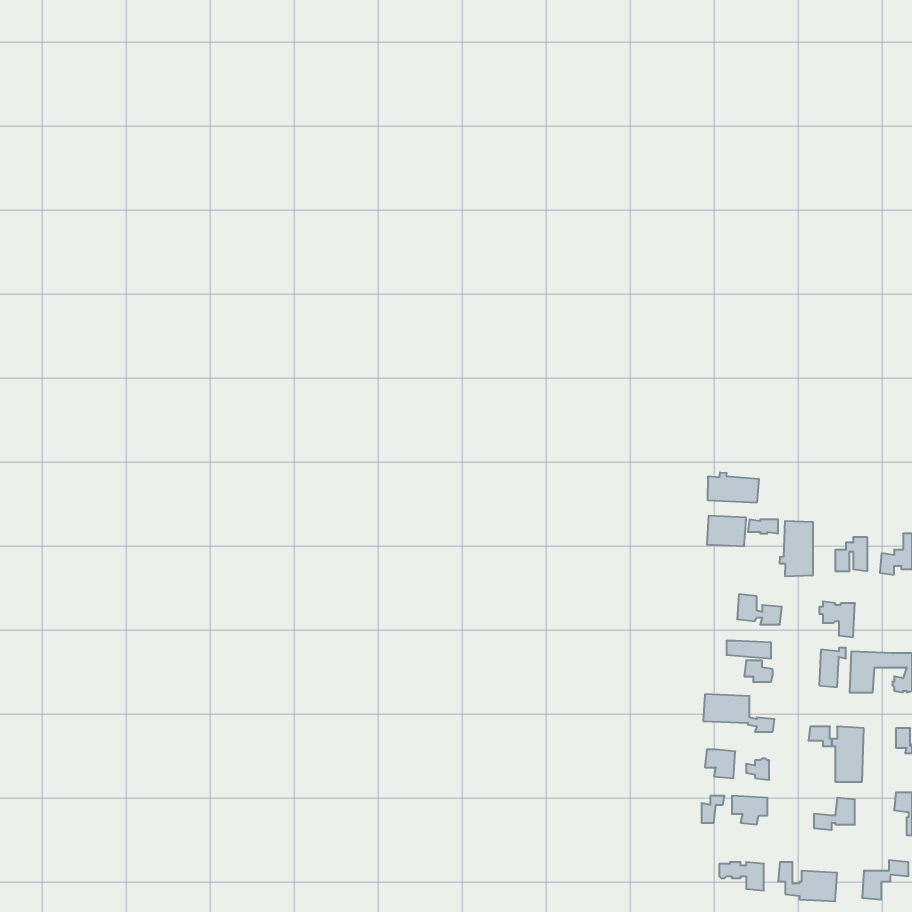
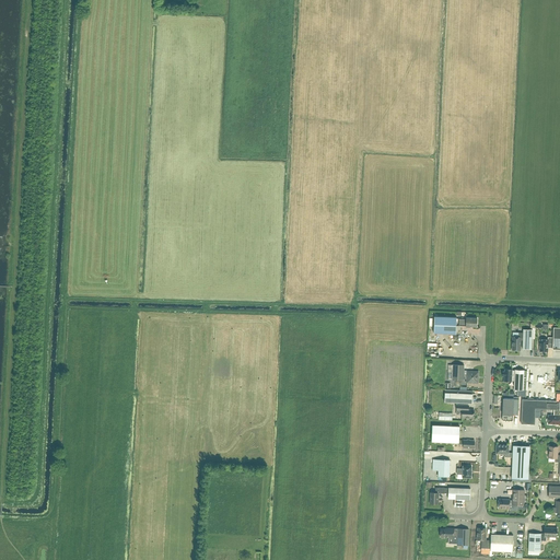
building: [708,472,759,503] -> none
building: [780,521,813,576] -> none

